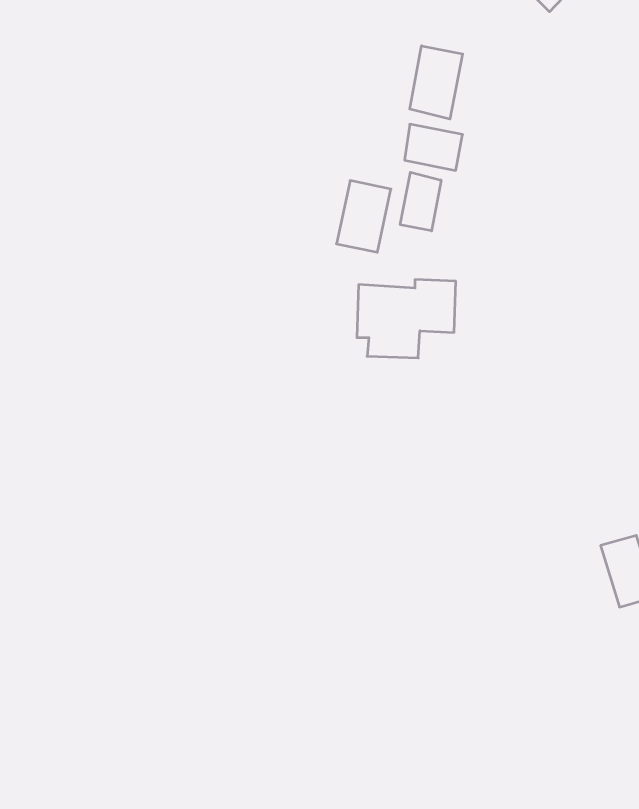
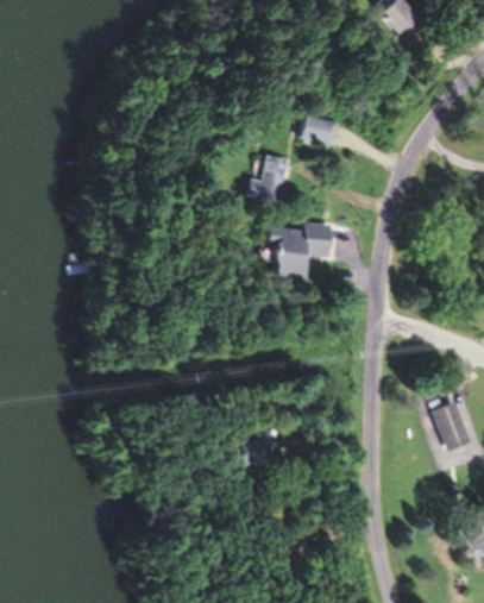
building: [410,46,463,119] -> none
building: [400,172,441,231] -> none

